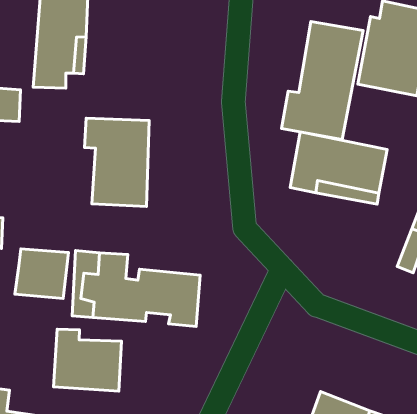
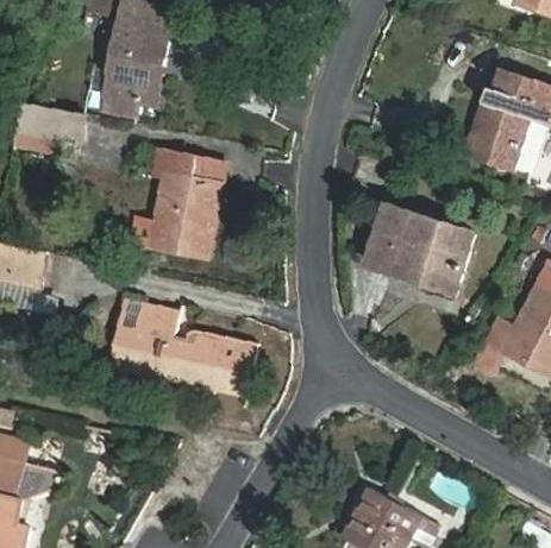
building: [282,22,363,140] -> none
building: [15,249,69,298] -> none
building: [54,329,121,391] -> none

